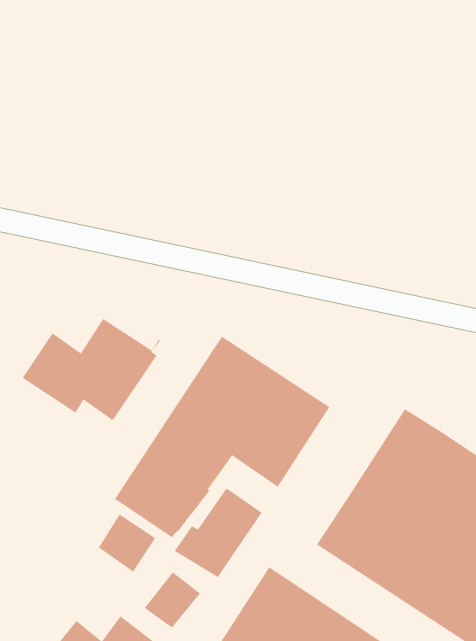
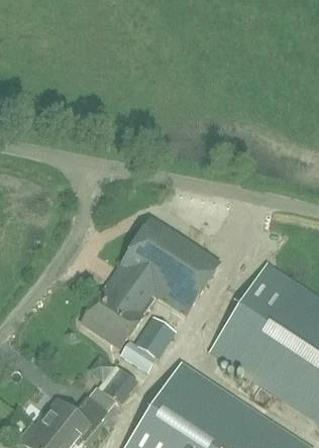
building: [22,318,161,420] -> none
building: [98,513,156,572] -> none

